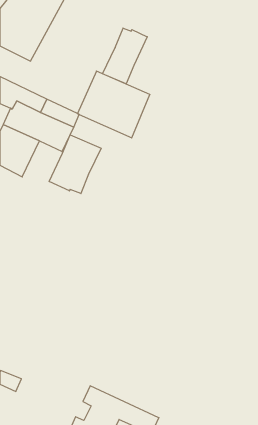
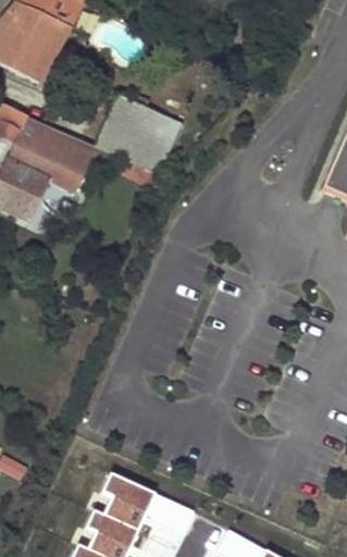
building: [103,28,147,84] -> none
building: [49,135,101,194] -> none

